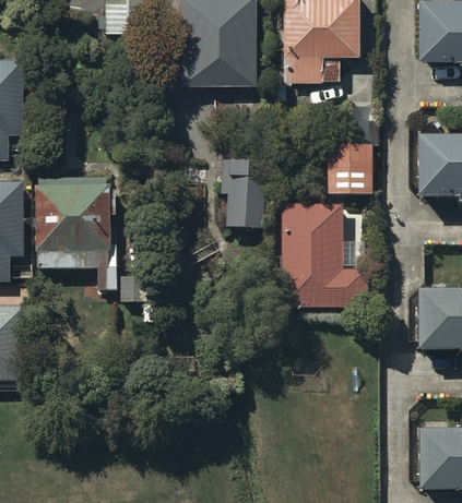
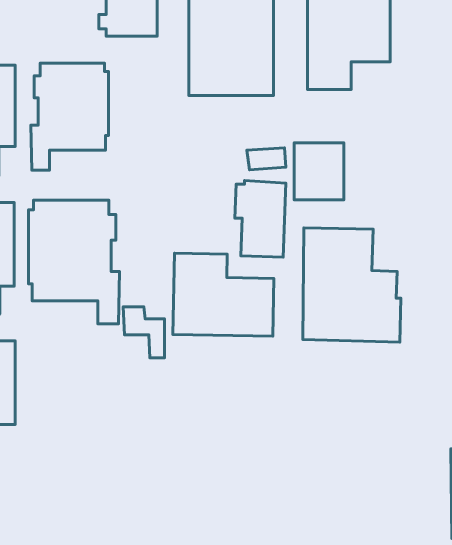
building: none -> [31,63,109,170]
building: [331,146,376,197] -> [294,143,344,200]
building: none -> [173,253,274,336]

